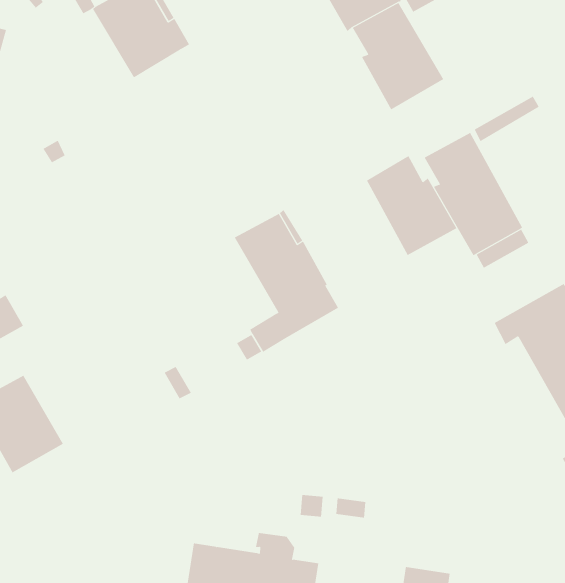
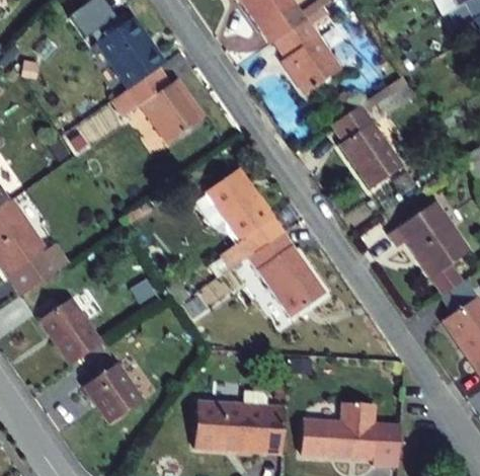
building: none -> [110,65,203,142]
building: [366,155,457,256] -> none
building: none -> [247,231,325,316]
building: none -> [83,362,143,422]

